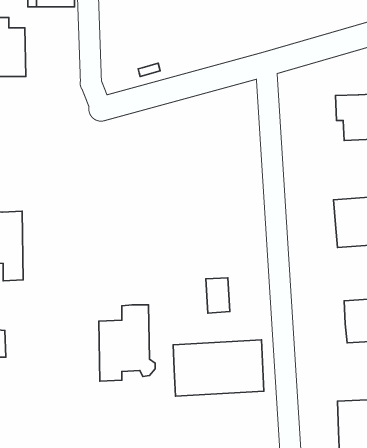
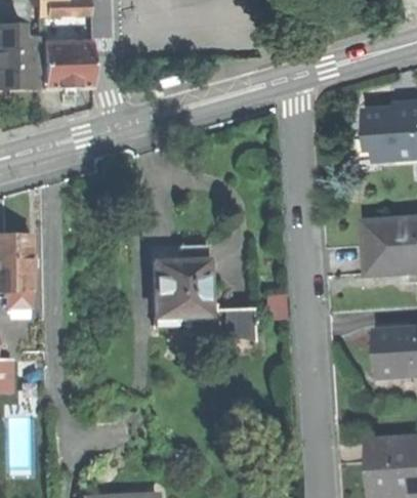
building: none -> [42,41,89,94]
building: [99,305,155,381] -> [153,243,213,325]
building: [173,340,264,396] -> none

